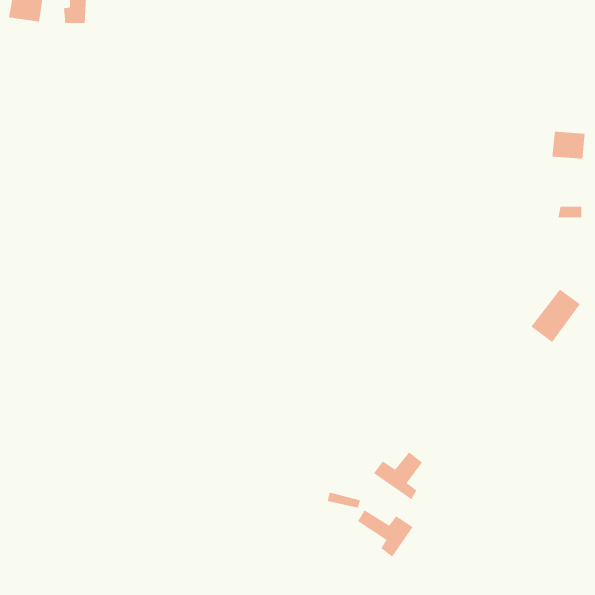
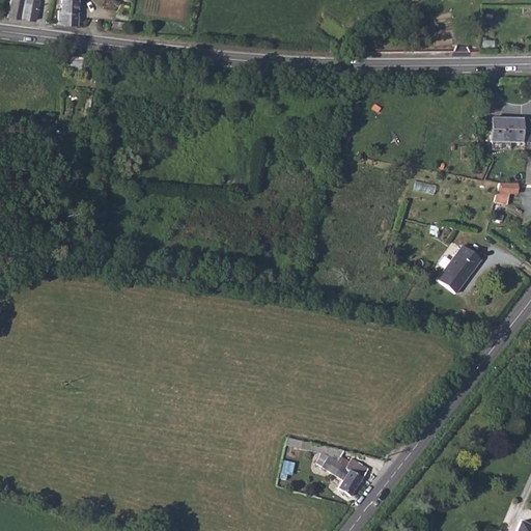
building: [530,289,581,343] -> [438,245,482,292]
building: [373,452,423,500] -> none

